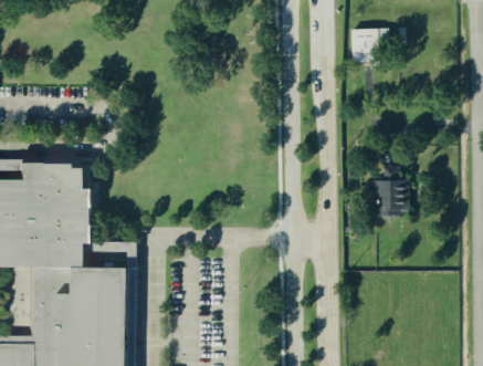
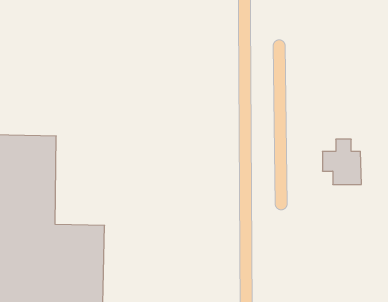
building: [355,28,391,62] -> none

